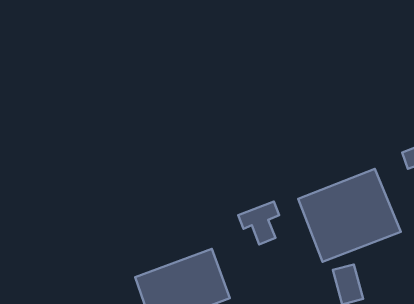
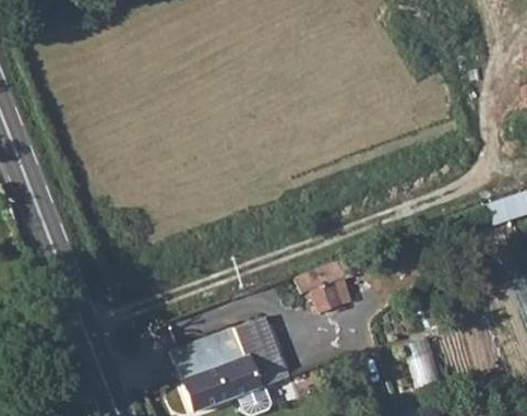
building: [298,169,401,262] -> none

